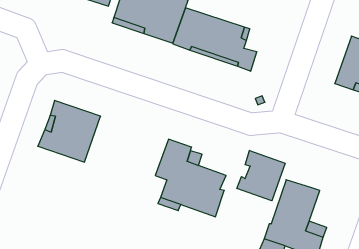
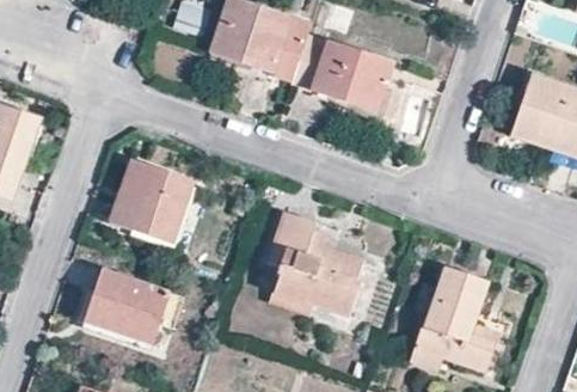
building: [237,150,285,201] -> none
building: none -> [85,270,183,343]

